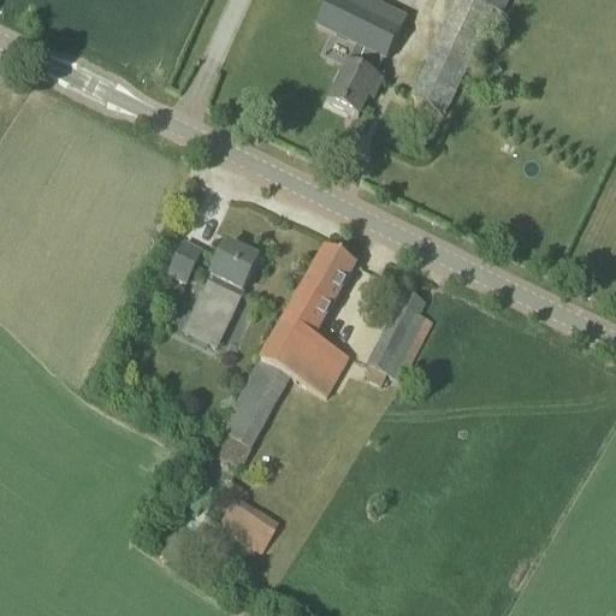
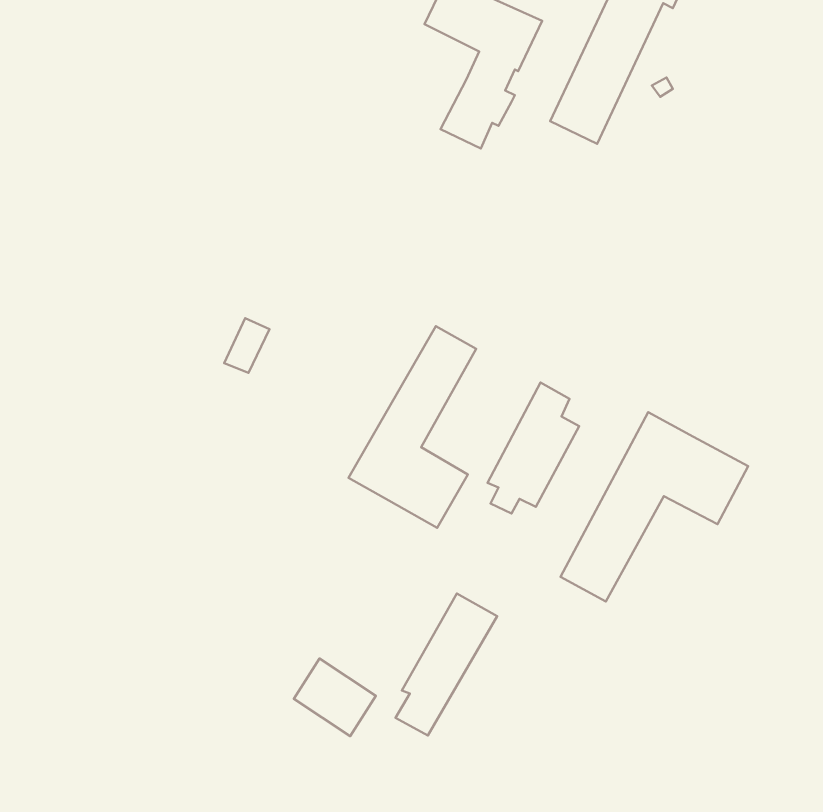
building: [183,239,257,345] -> none
building: none -> [561,412,748,601]
building: [215,356,291,462] -> [395,594,497,736]

